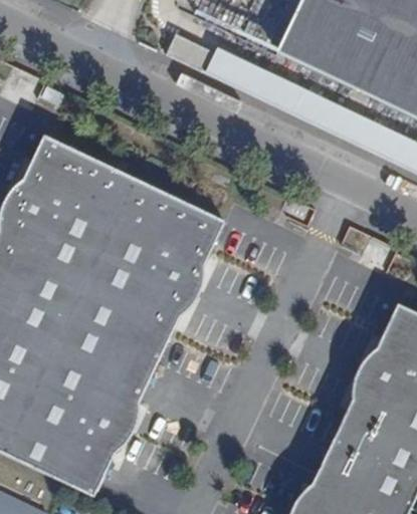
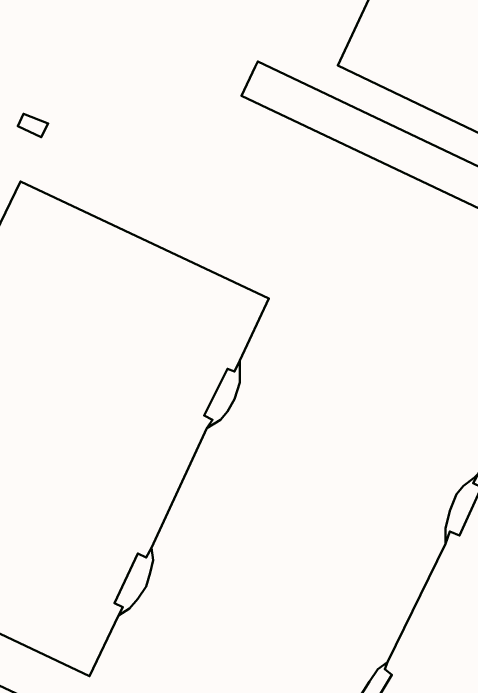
building: [164,33,213,72] -> none

